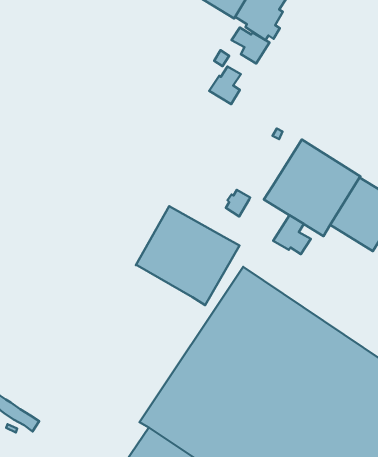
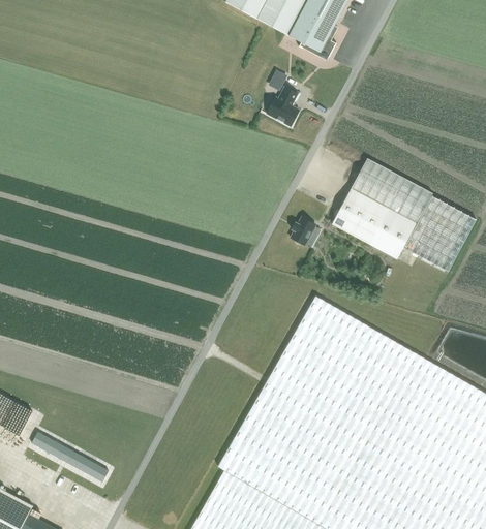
building: [232,28,269,63] -> none
building: [136,206,240,305] -> none
building: [273,215,311,254] -> none

